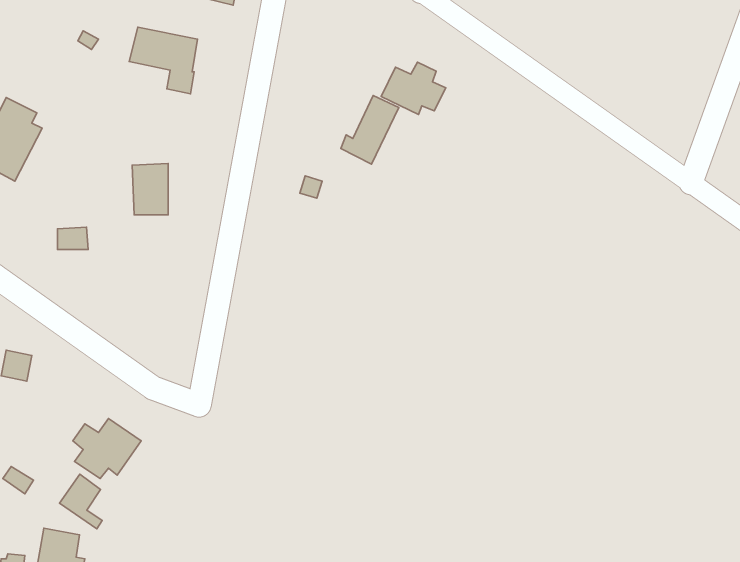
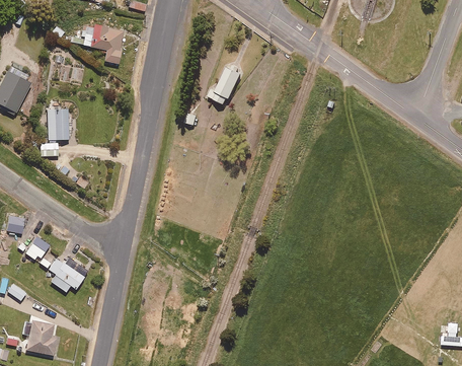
building: [381,62,446,114] -> none
building: [132,164,168,215] -> [47,108,68,139]
building: [59,474,102,529] -> [24,235,50,268]

